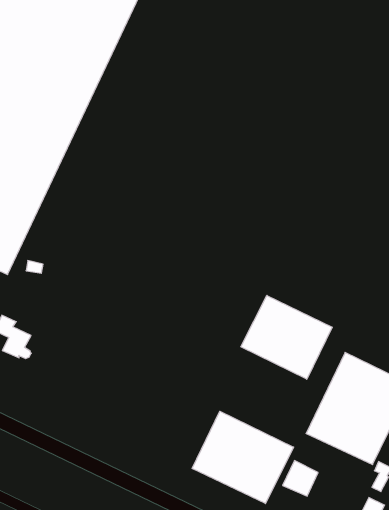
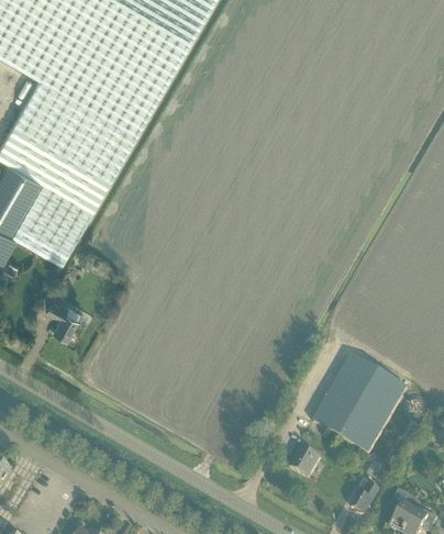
building: [241,295,332,379] -> none
building: [192,411,294,504] -> none

